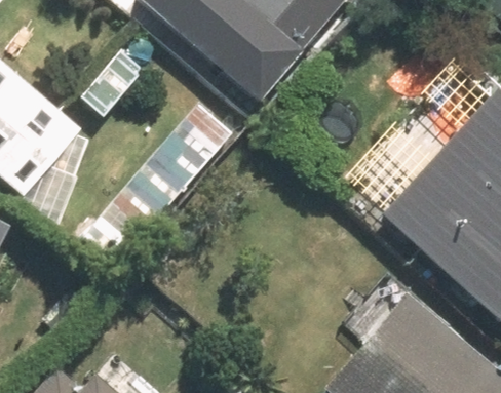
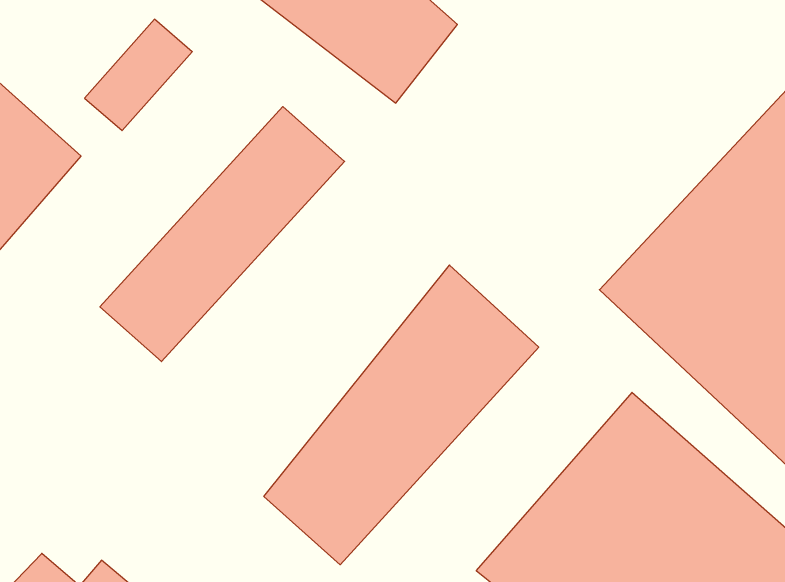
building: none -> [264,265,539,565]

